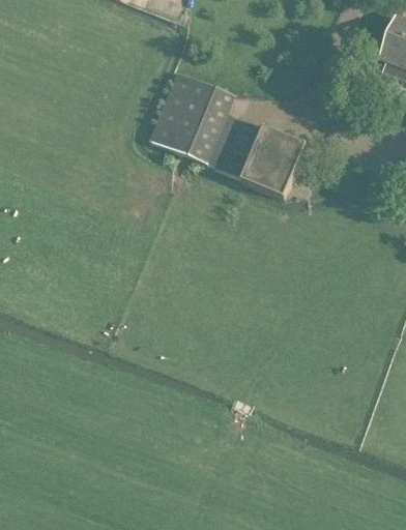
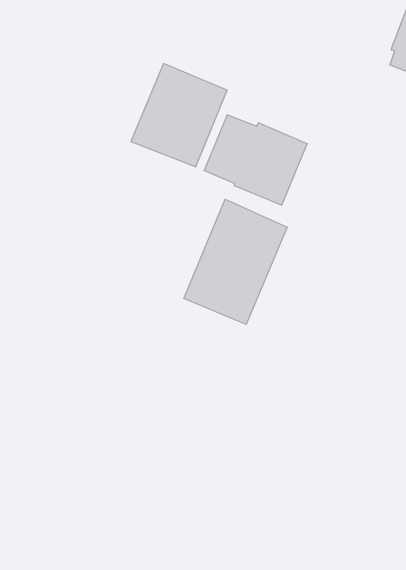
building: none -> [184,199,287,324]

